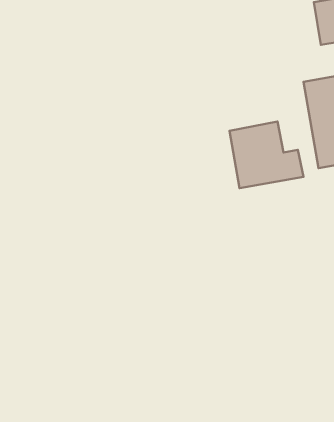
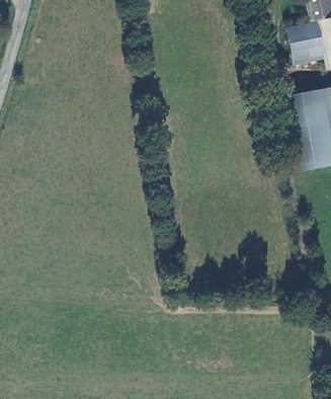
building: [229,121,304,188] -> none

